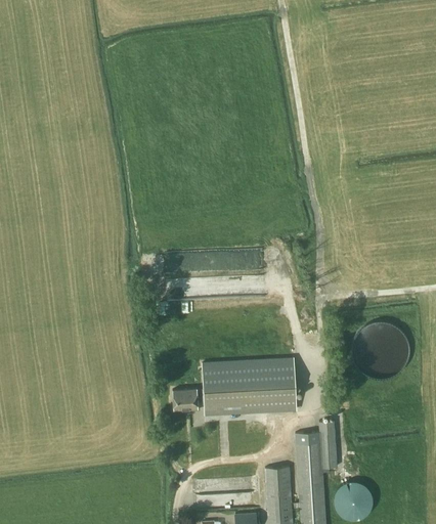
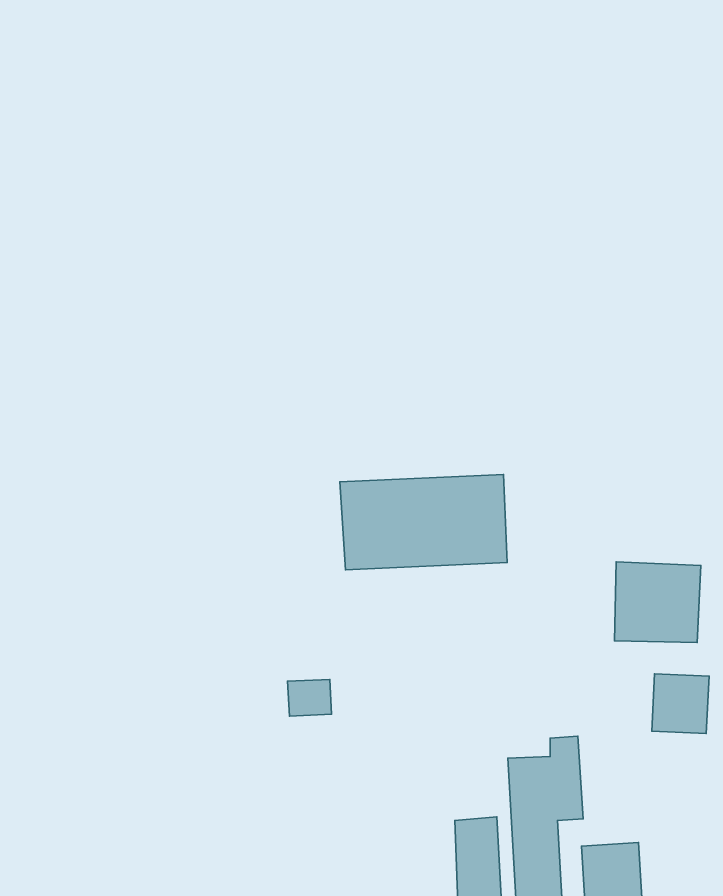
building: [202,361,295,414] -> [340,475,507,570]
building: none -> [652,674,709,734]

